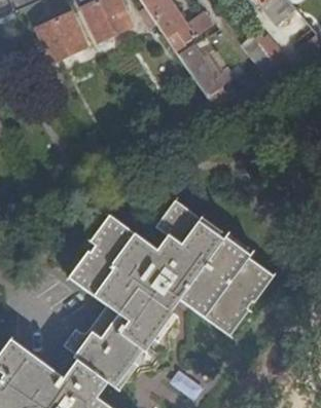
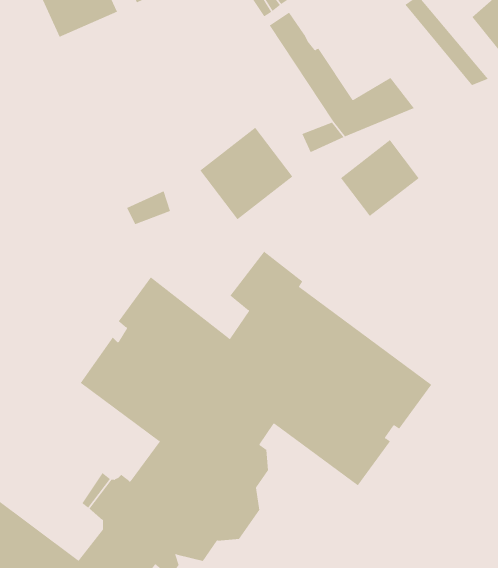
building: none -> [199,127,293,220]
building: none -> [340,139,419,217]

